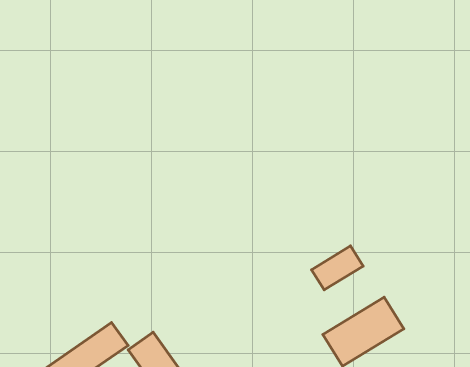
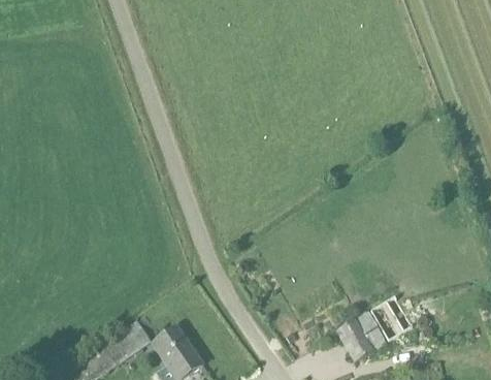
building: [311,246,363,290] -> none

